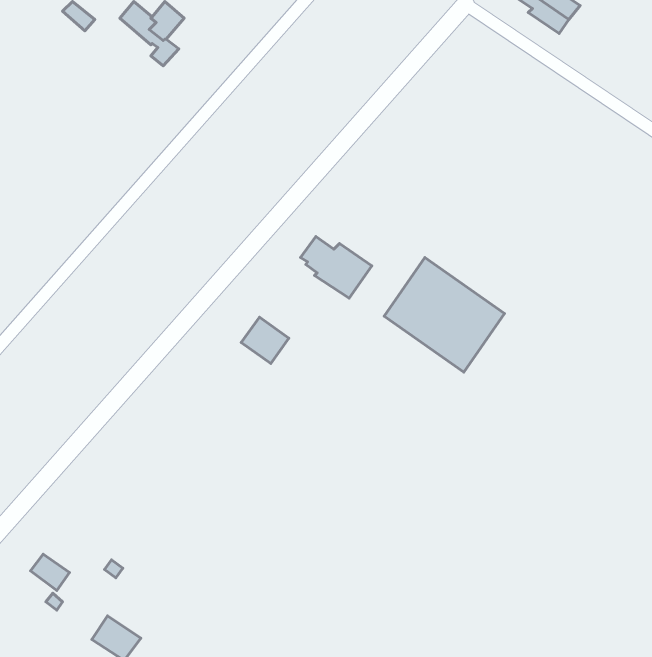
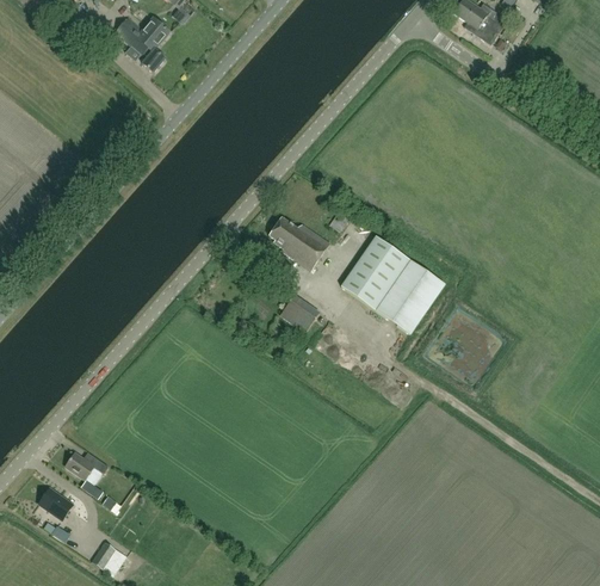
building: [241,317,289,363] -> [279,294,320,333]
building: none -> [64,451,101,483]

